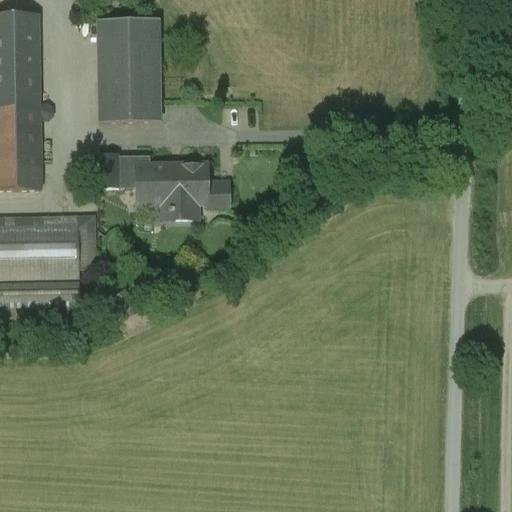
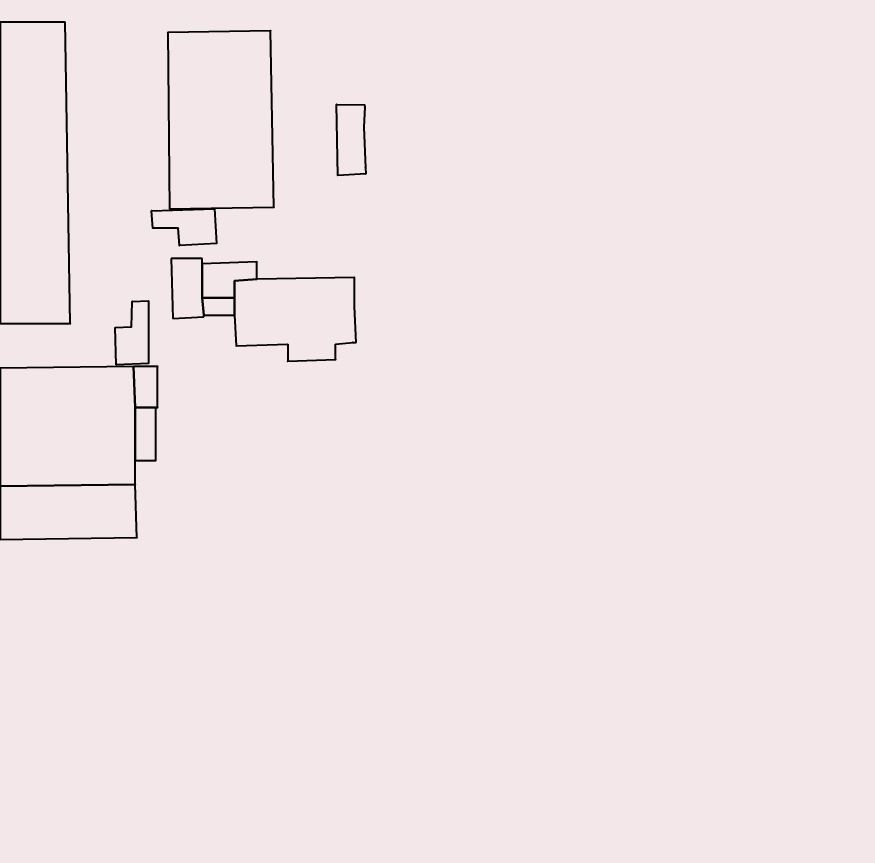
building: none -> [337,104,366,175]
building: none -> [152,209,217,246]
building: none -> [115,301,148,365]
building: [206,178,229,205] -> none

